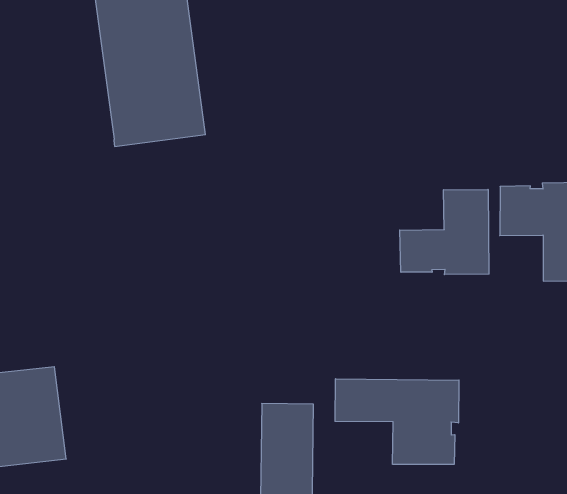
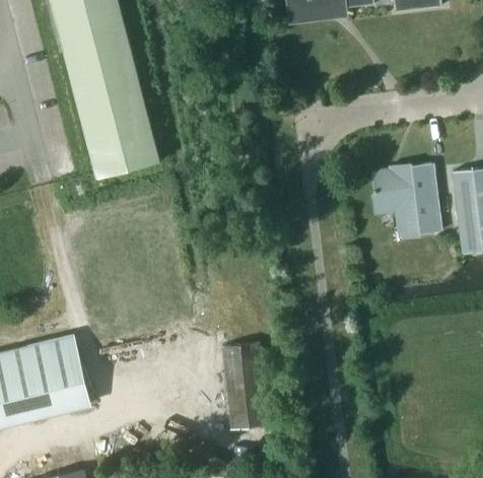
building: [400,189,489,275] -> none
building: [335,379,459,464] -> none

